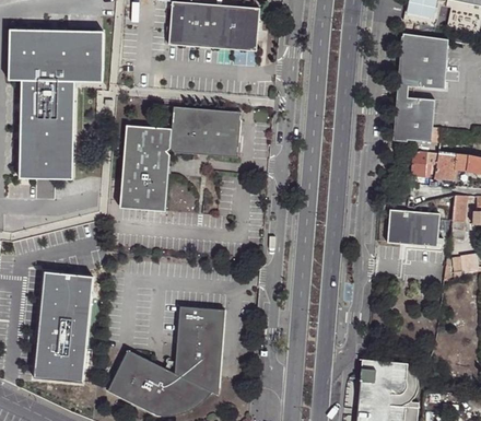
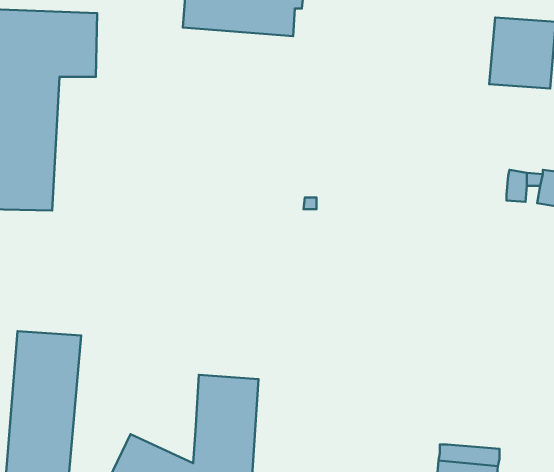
building: [394,98,435,143] -> none
building: [118,105,240,207] -> none
building: [386,210,439,248] -> none

